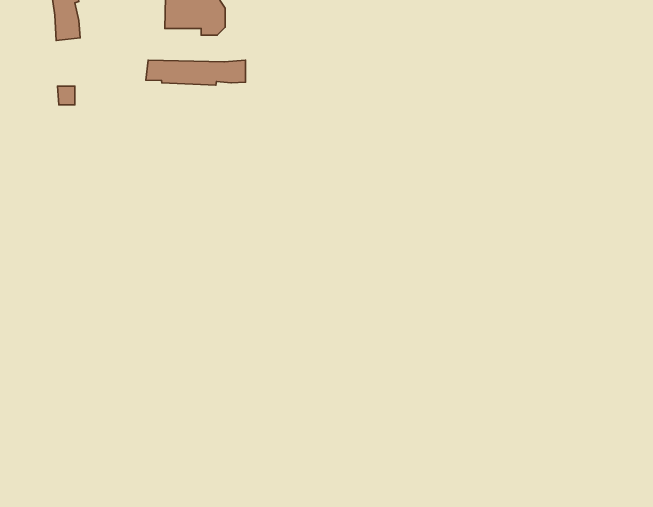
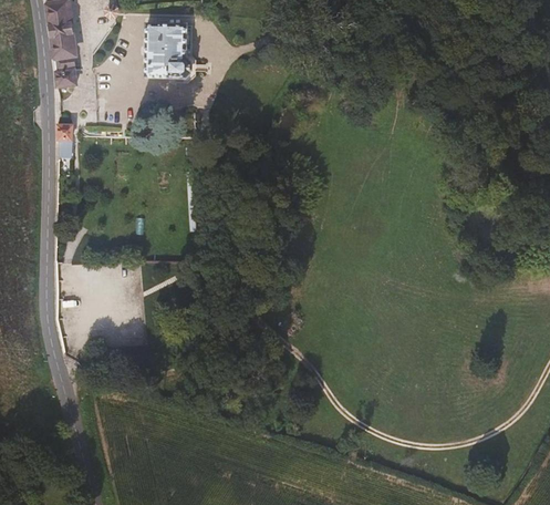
building: [146,60,246,85] -> none

